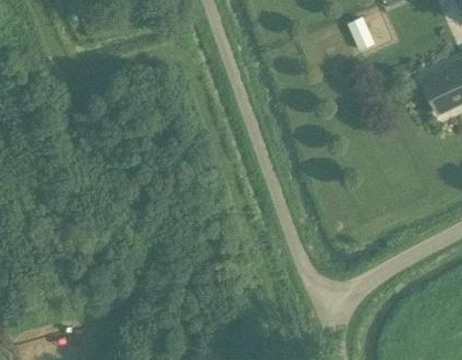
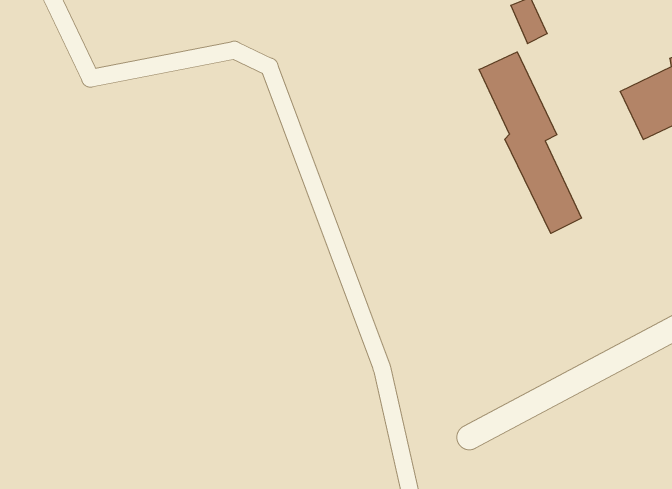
building: none -> [479,52,581,233]

